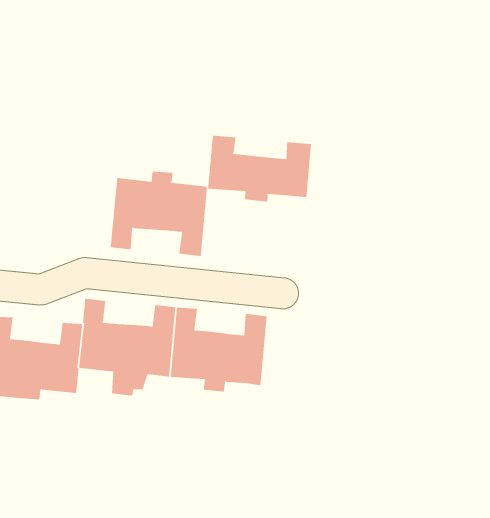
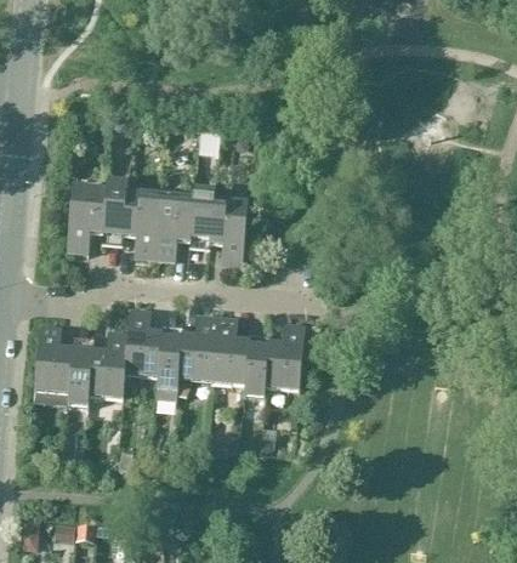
building: [208,135,312,203] -> none
building: none -> [64,178,159,260]

